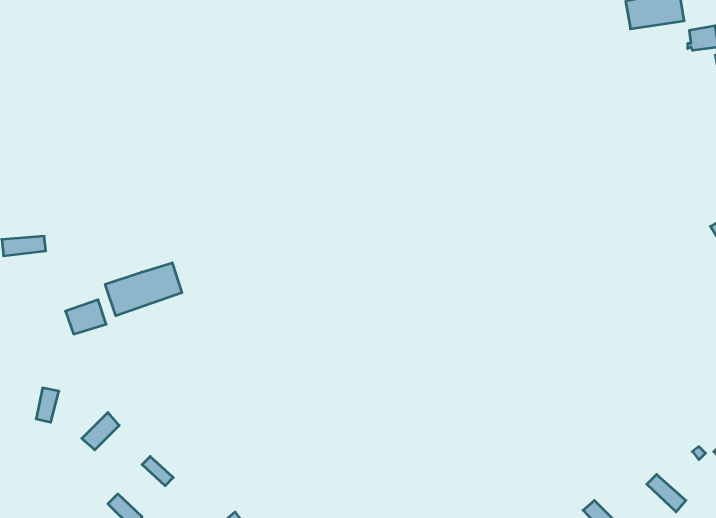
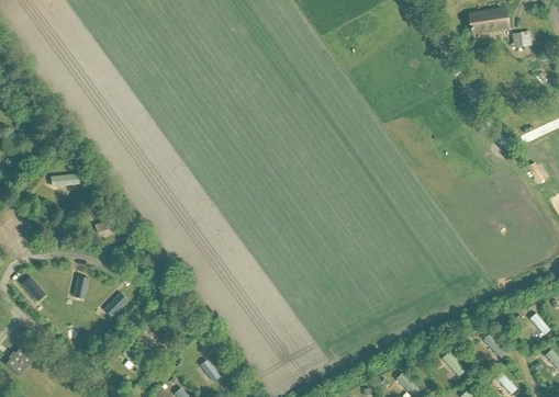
building: [105,263,182,316] -> none

